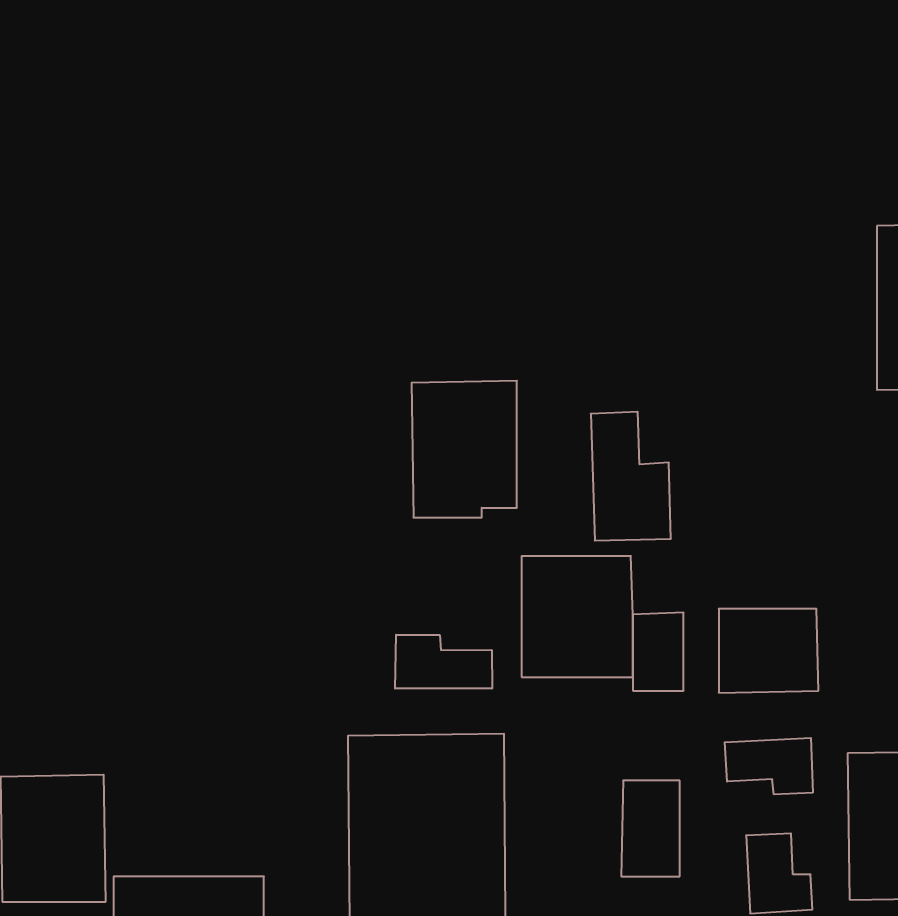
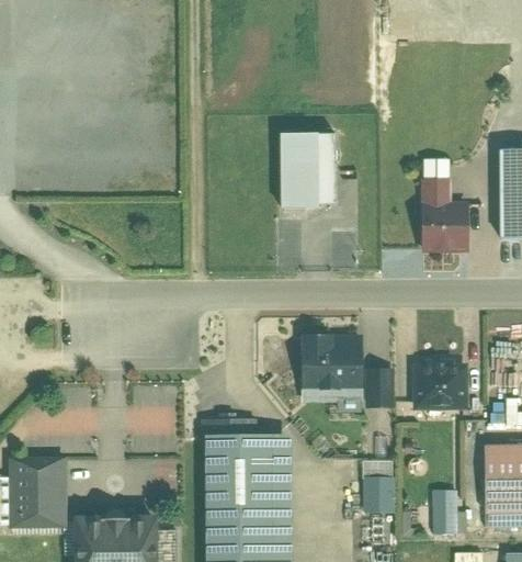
building: [412,381,517,518] -> [277,132,337,209]
building: [591,412,671,541] -> [422,179,467,251]
building: [395,635,492,689] -> none
building: [725,738,813,794] -> none

